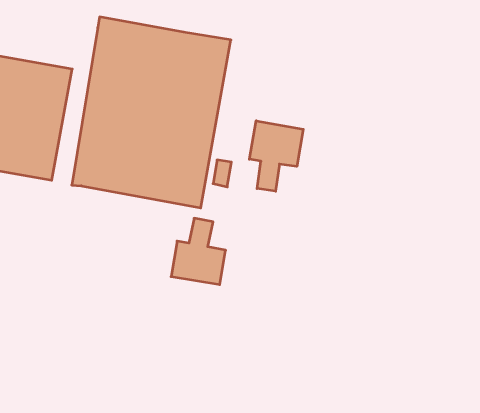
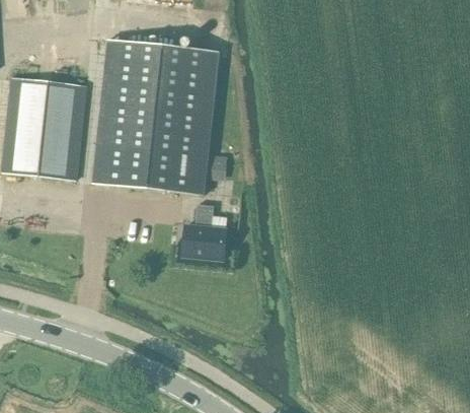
building: [249,121,303,191] -> none

